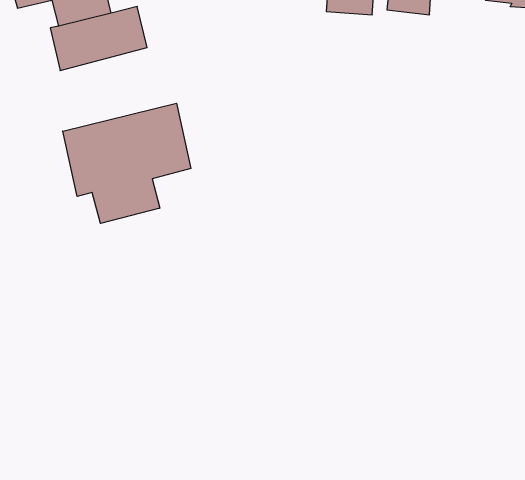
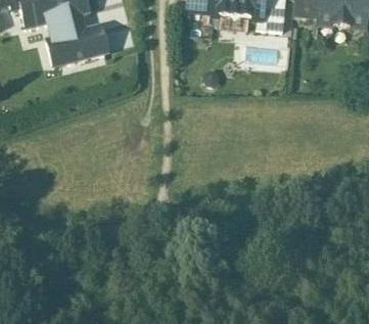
building: [63,103,191,223] -> none

